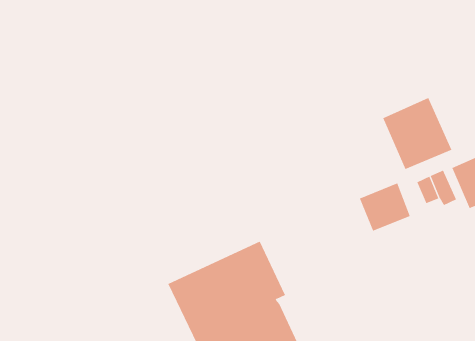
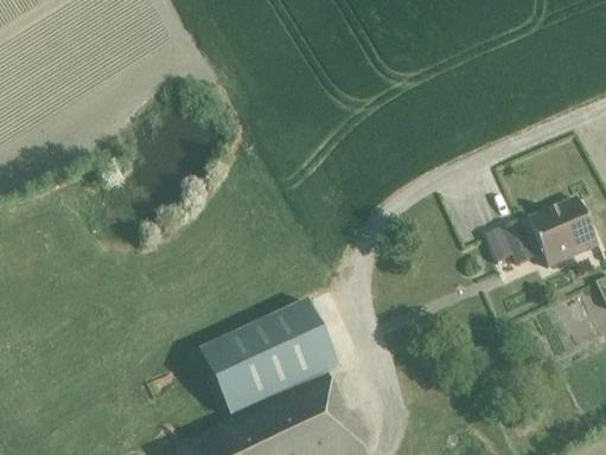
building: [382,97,452,170] -> none
building: [359,183,411,232] -> none

